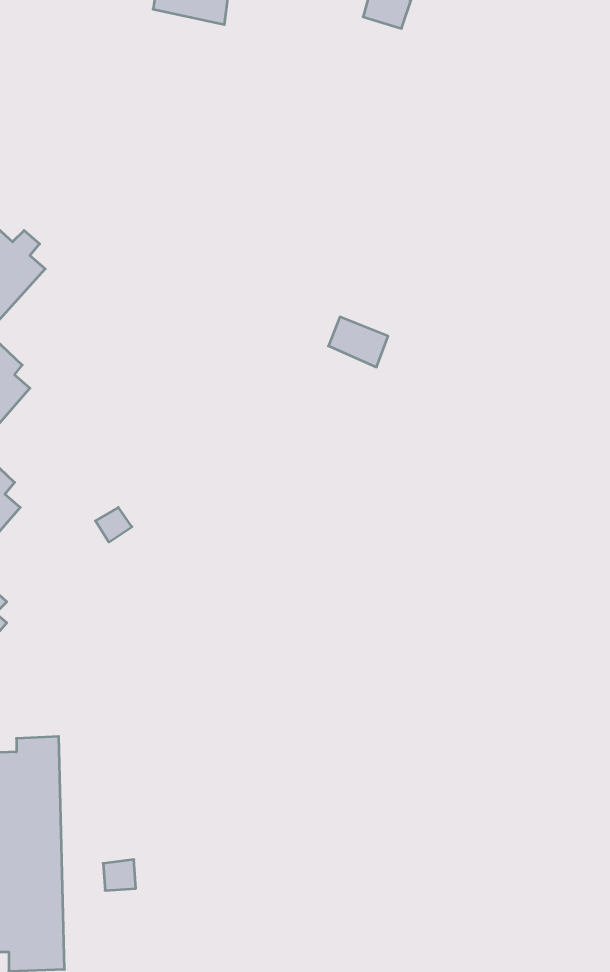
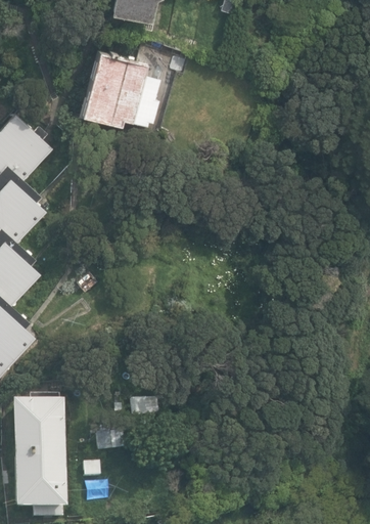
building: none -> [83,53,149,128]

